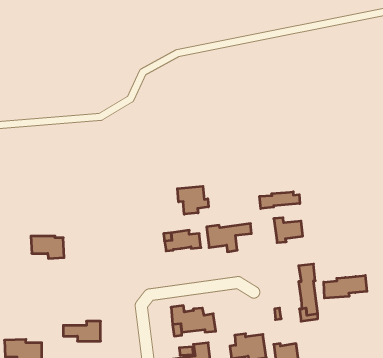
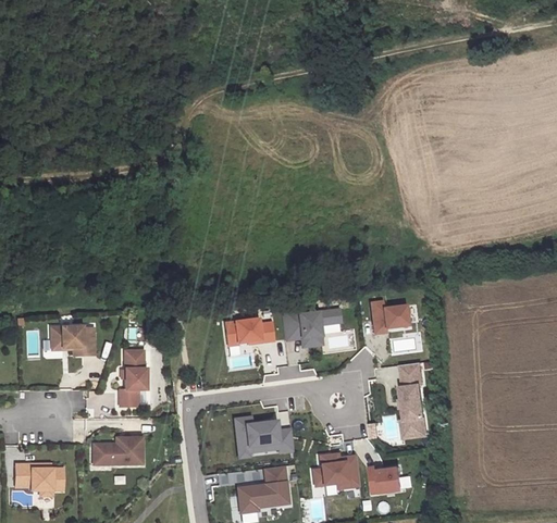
building: [177,186,208,214] -> none
building: [260,192,300,209] -> none
building: none -> [119,350,146,406]
building: [324,275,367,298] -> none

